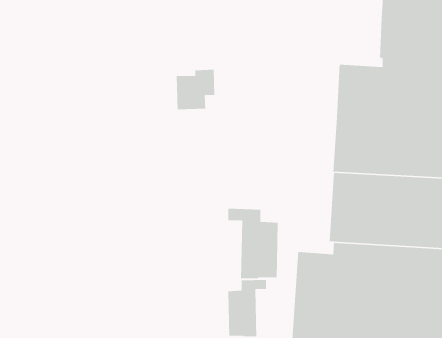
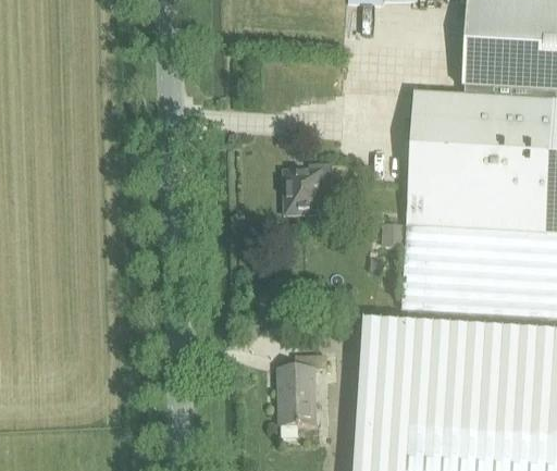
building: [176,69,215,110] -> [286,162,334,212]
building: [228,208,279,279] -> none

